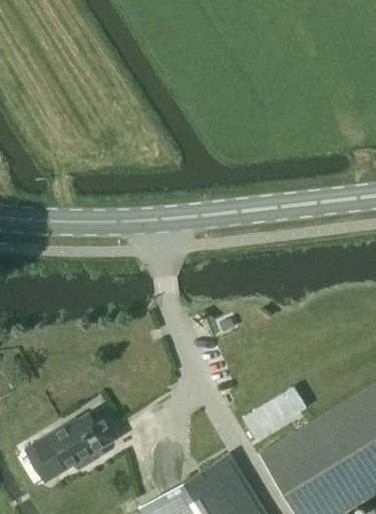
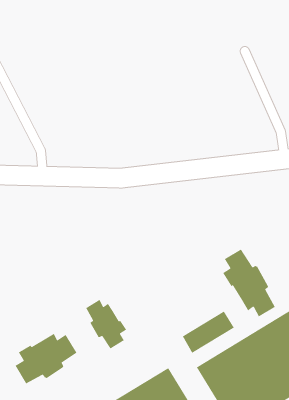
building: none -> [222,249,276,317]
building: none -> [85,299,127,349]

